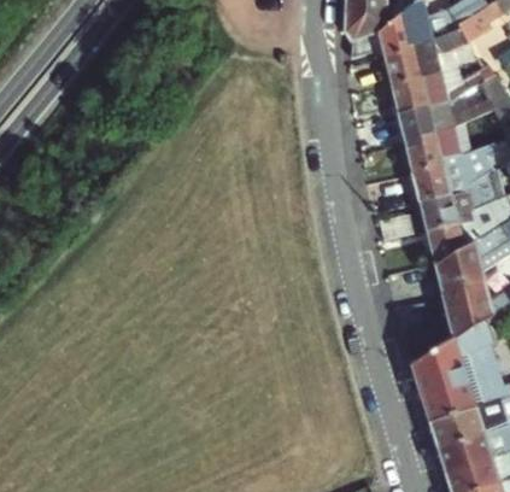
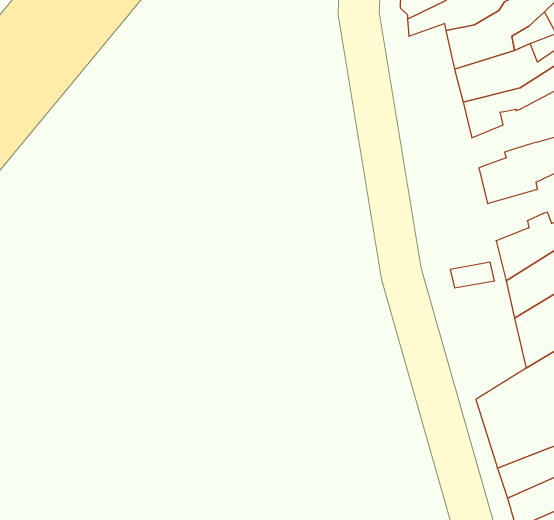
building: [406,122,457,171] -> none
building: [420,189,467,233] -> none

